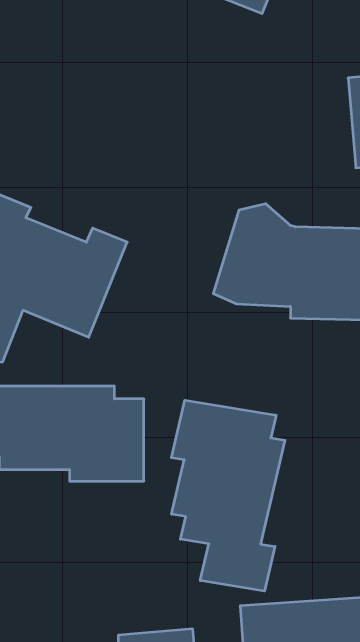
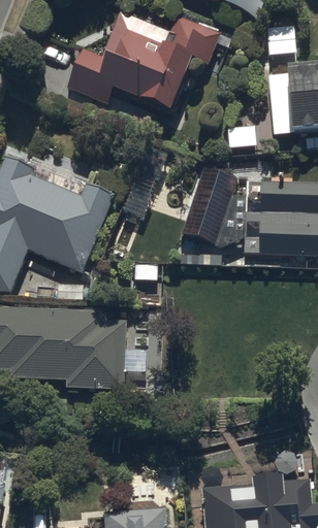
building: none -> [68,10,219,117]
building: [171,400,285,591] -> none

